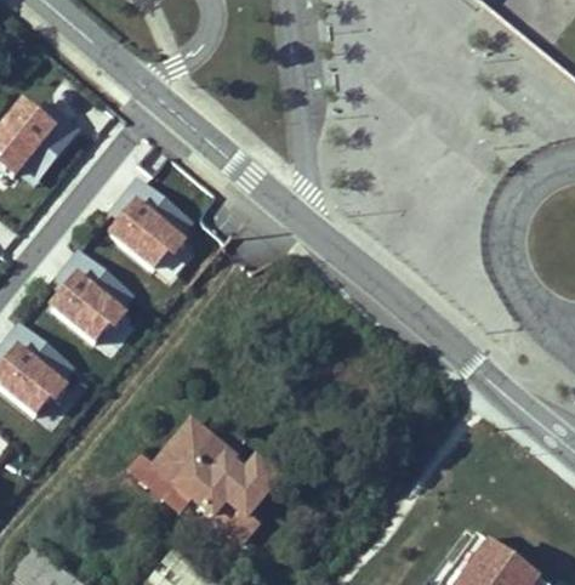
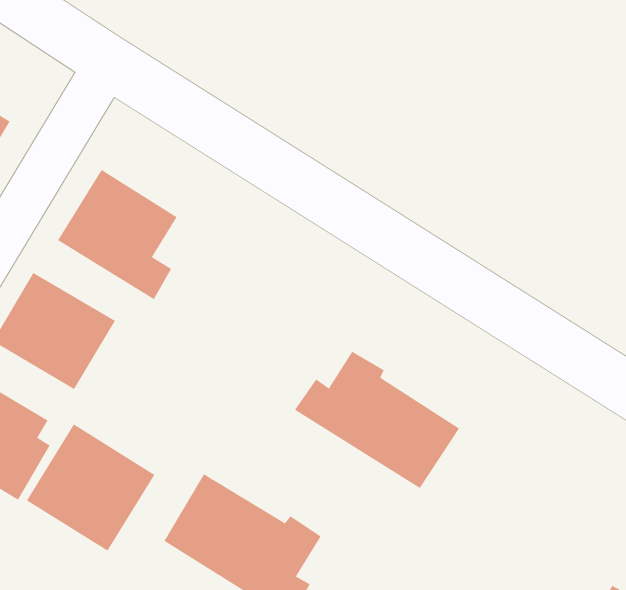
building: none -> [294,351,460,489]
building: none -> [26,424,155,552]

